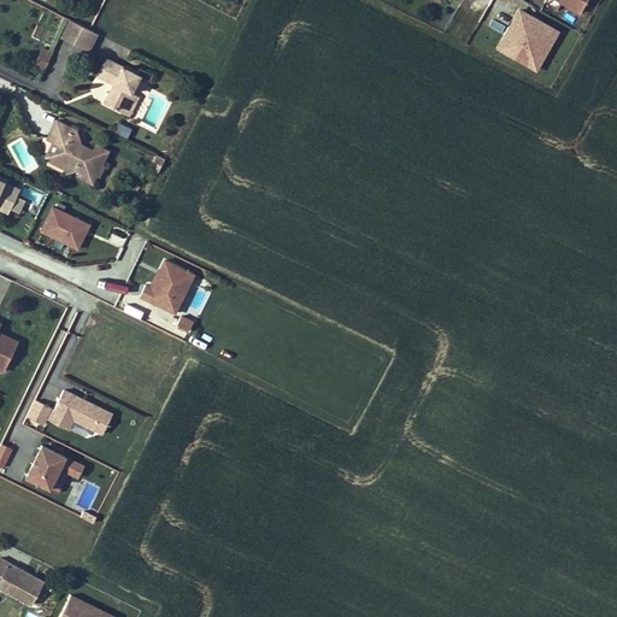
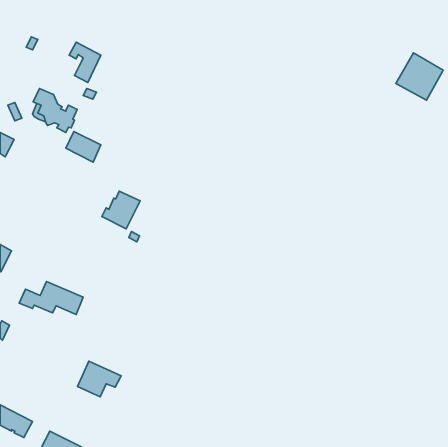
building: [494,6,559,71] -> [396,53,443,100]
building: [60,20,95,52] -> none
building: [42,210,90,252] -> [66,132,101,162]
building: [27,442,87,492] -> [77,361,121,397]

